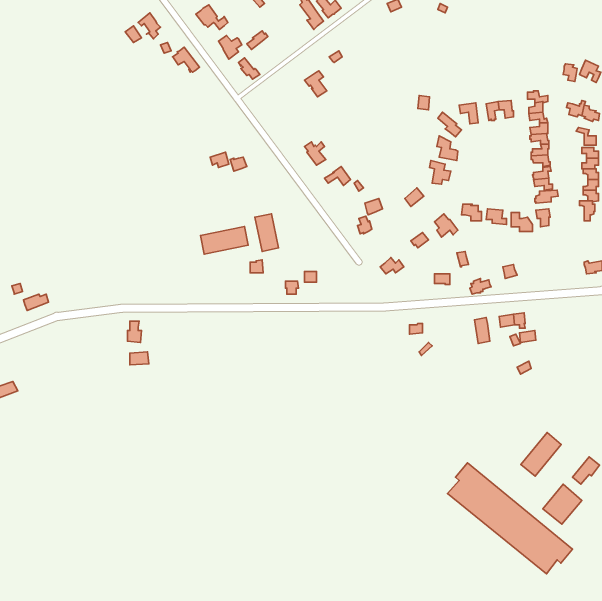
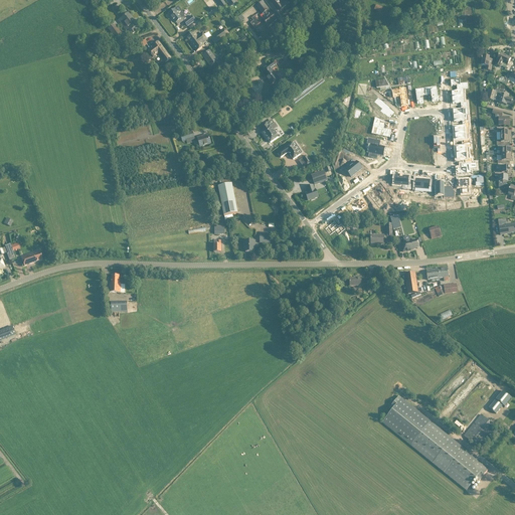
building: [200,226,248,254] -> none
building: [521,433,561,476] -> none

